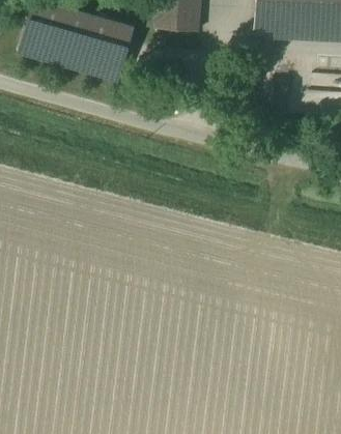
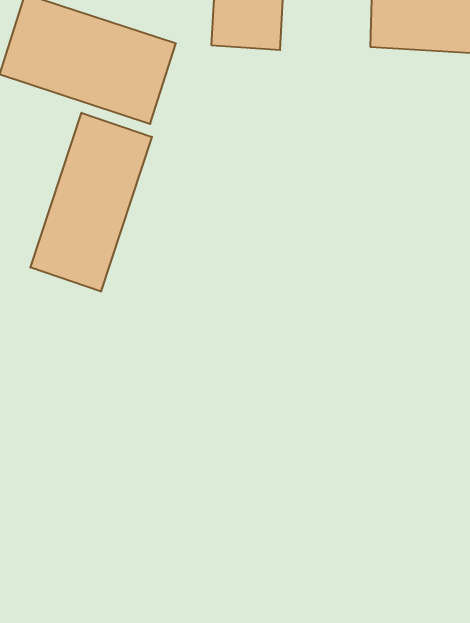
building: none -> [30,113,152,292]

